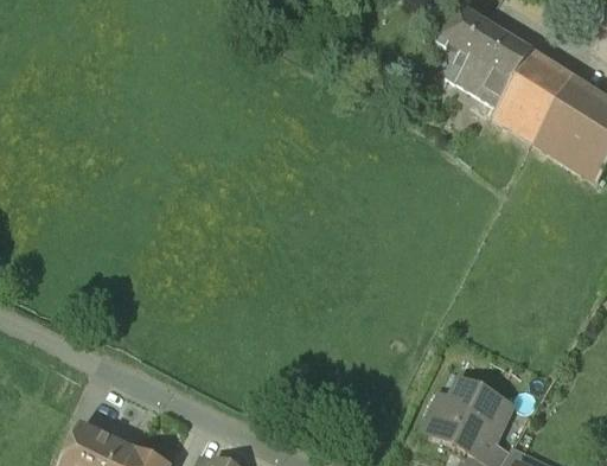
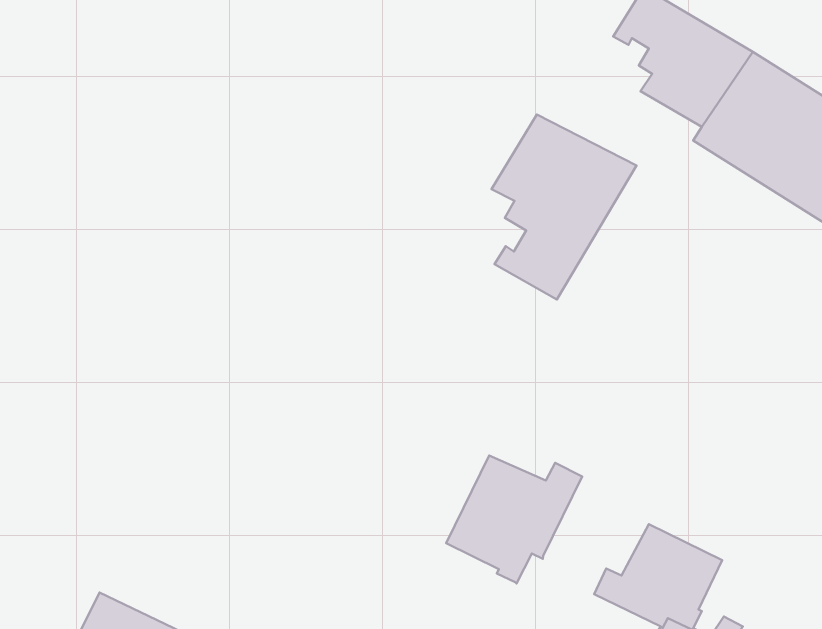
building: none -> [492,115,636,300]
building: none -> [446,455,582,584]

